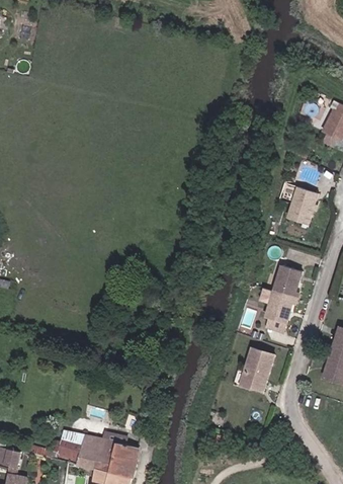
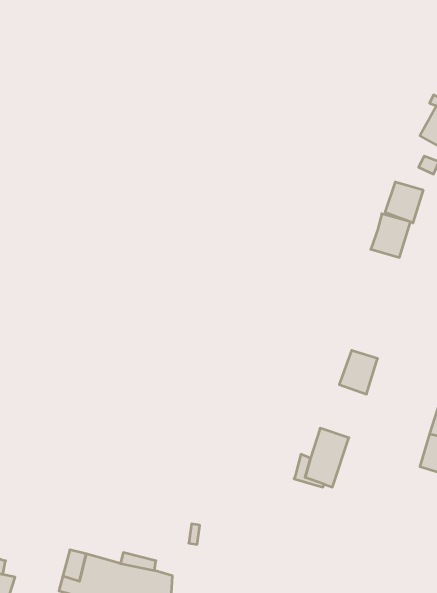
building: none -> [385,182,423,223]
building: [272,260,301,293] -> none

